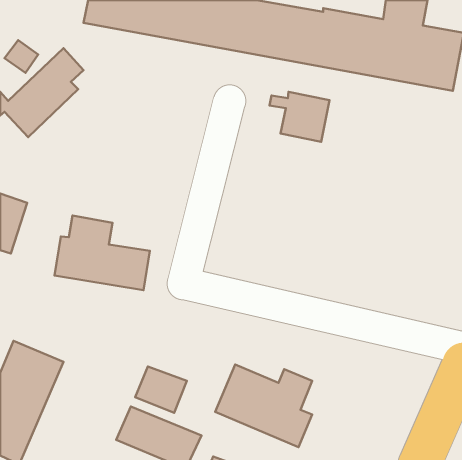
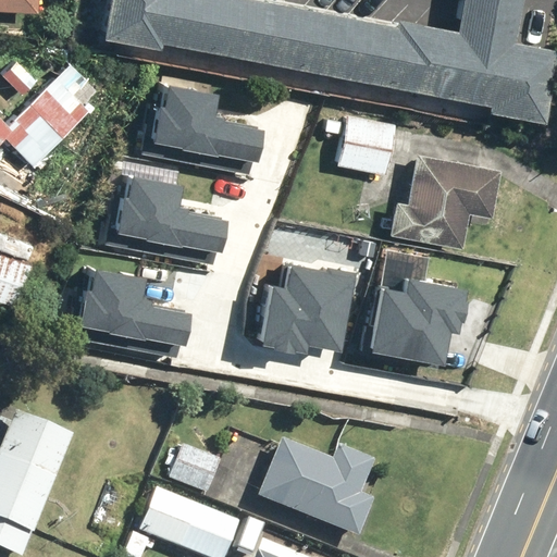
building: none -> [139,81,253,170]
building: none -> [389,153,504,249]
building: none -> [101,171,215,260]
building: none -> [257,260,347,345]
building: none -> [360,270,458,363]

